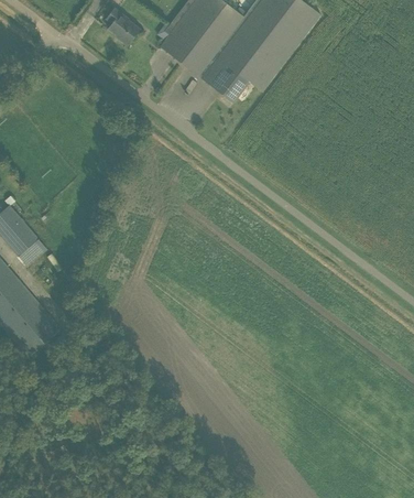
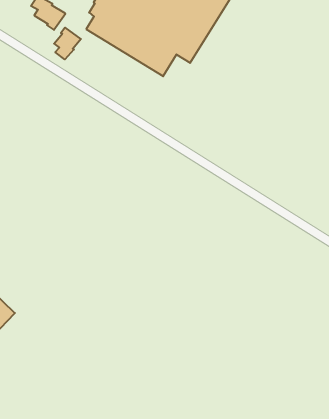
building: none -> [54,28,81,59]

